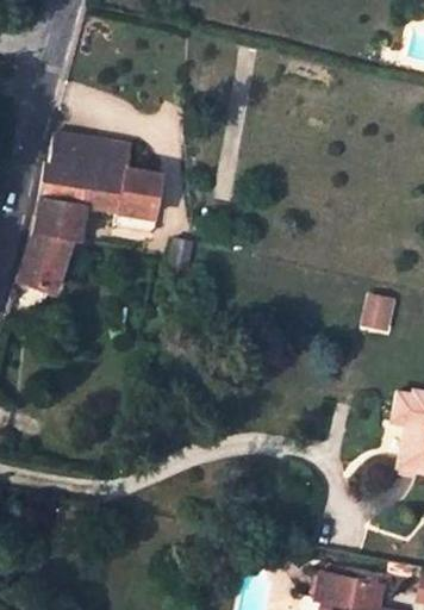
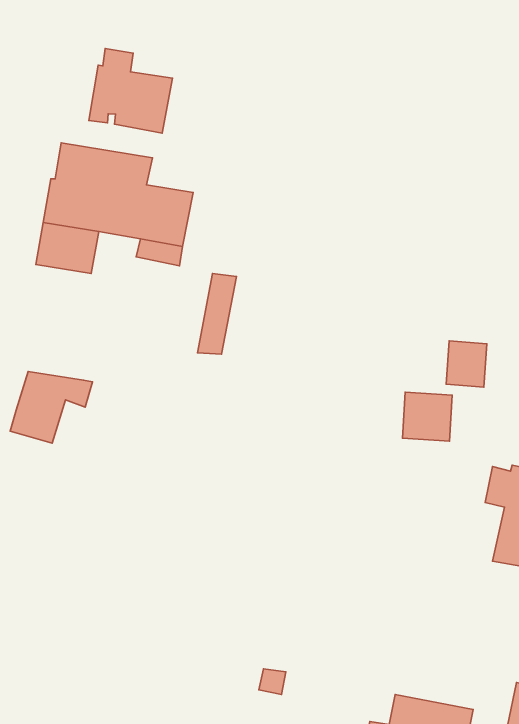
building: none -> [89,48,173,133]
building: [21,231,87,288] -> [10,371,93,443]
building: none -> [402,392,452,441]

